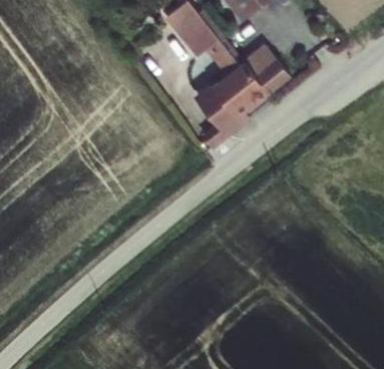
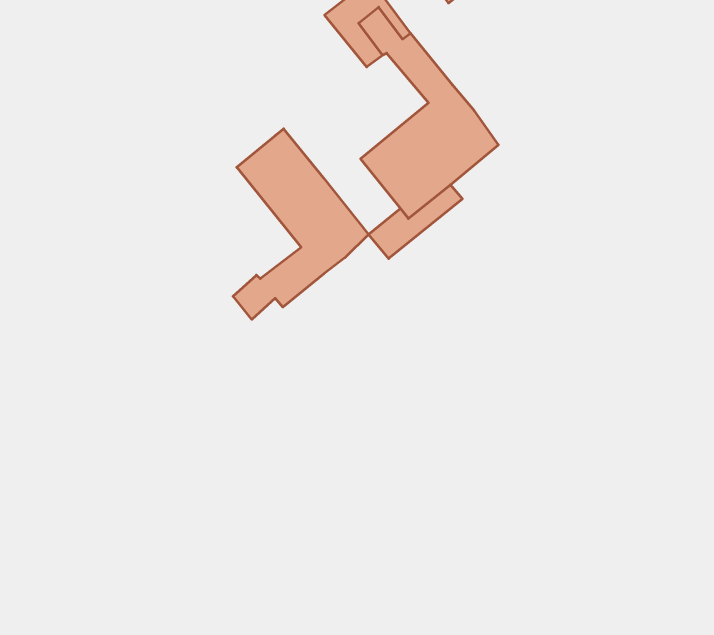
building: [255,52,297,92] -> none
building: none -> [233,129,369,319]

